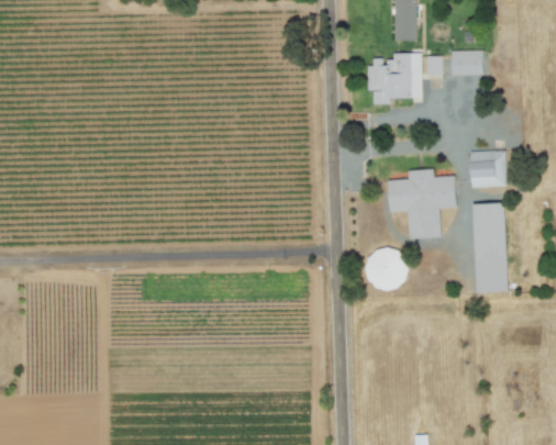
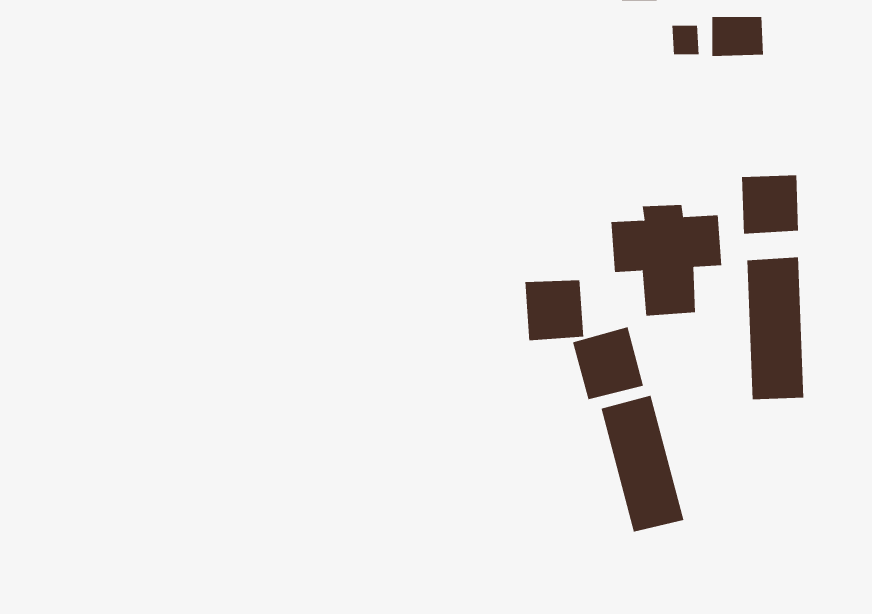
building: [367,53,422,104] -> none
building: none -> [525,280,584,341]
building: none -> [601,395,684,533]

